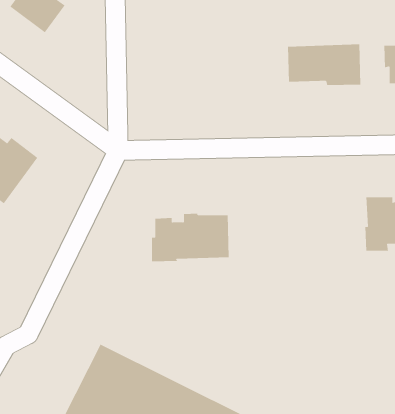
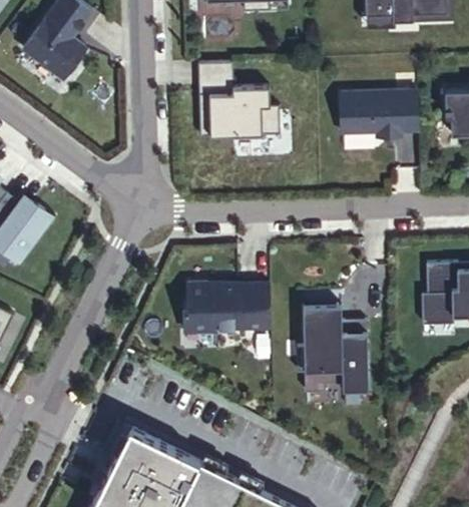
building: none -> [197,60,280,137]
building: none -> [295,304,367,394]

